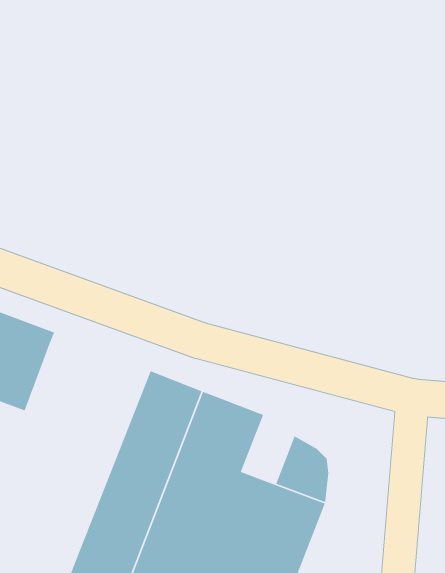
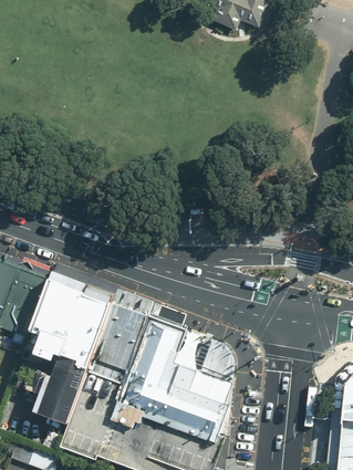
building: none -> [24,279,112,362]
building: none -> [31,361,79,424]

